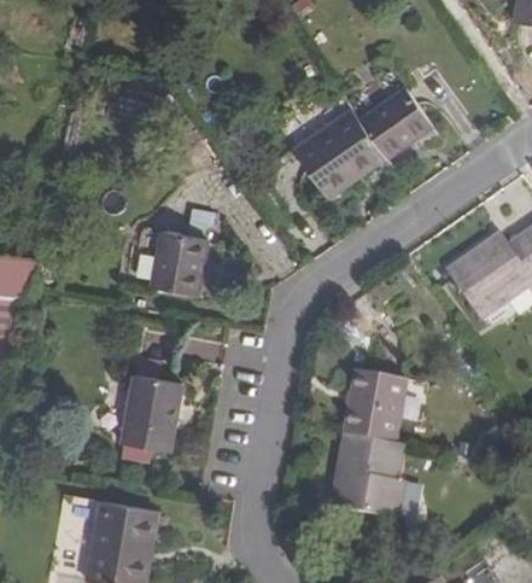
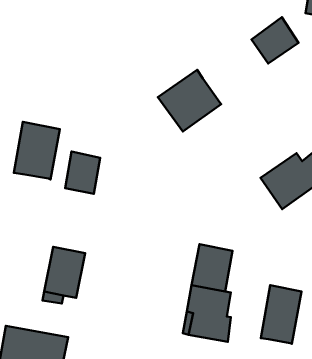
building: [358,87,429,157] -> [251,17,299,64]
building: none -> [14,122,60,179]
building: none -> [261,285,302,344]

